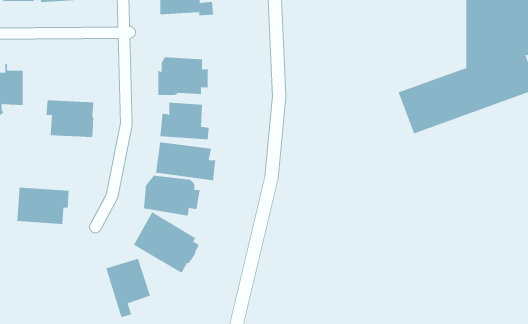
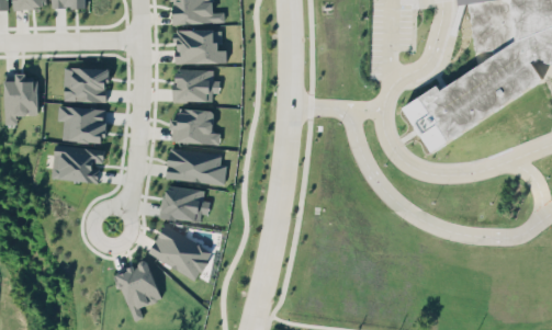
building: none -> [174,29,224,60]
building: none -> [65,69,109,104]
building: [16,187,70,225] -> [53,147,105,184]

